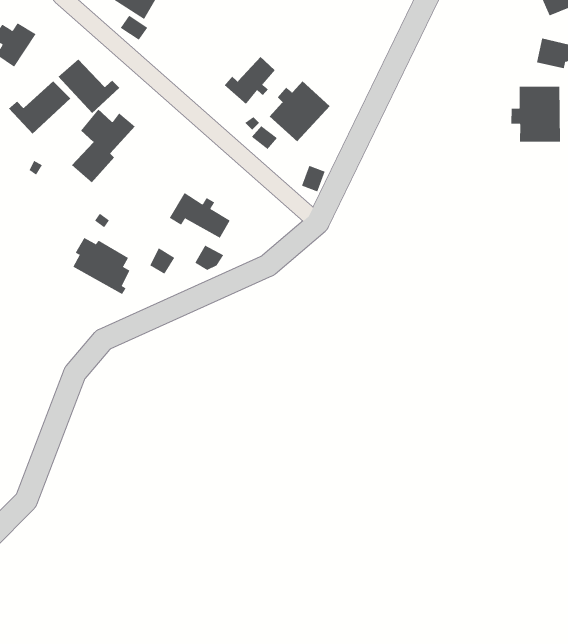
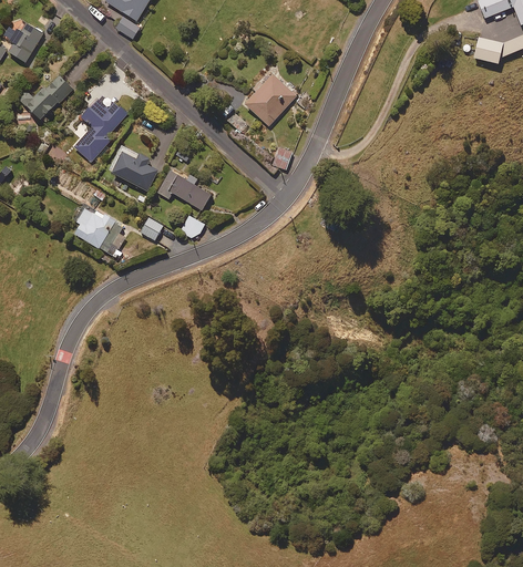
building: [224,56,276,105] -> none
building: [57,58,120,114] -> none
building: [511,86,560,143] -> none
building: none -> [111,151,158,190]

